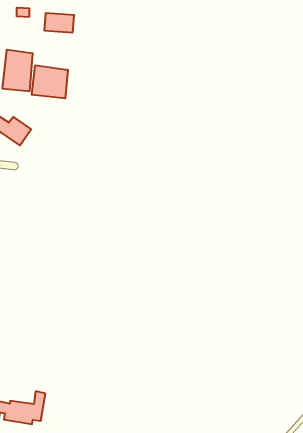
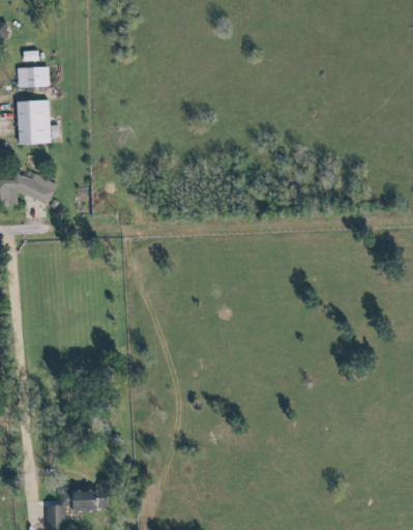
building: [44,13,74,32] -> [17,65,50,87]
building: [32,65,68,98] -> none

